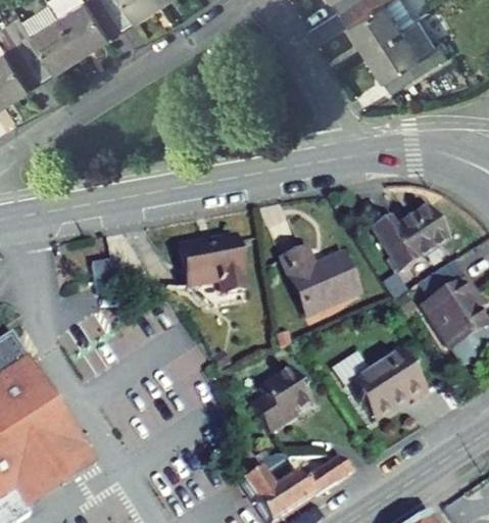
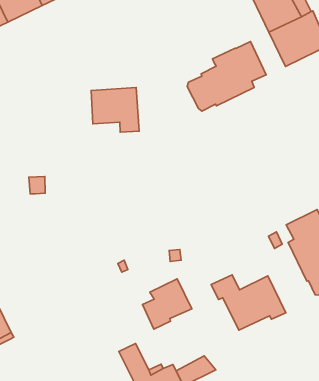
building: none -> [187,42,266,111]
building: [373,205,447,269] -> none
building: [181,234,246,291] -> [91,88,139,132]
building: [282,247,358,314] -> none

